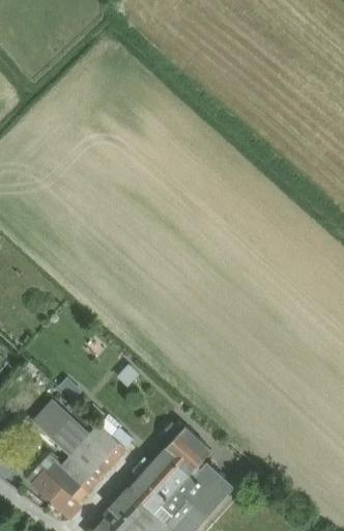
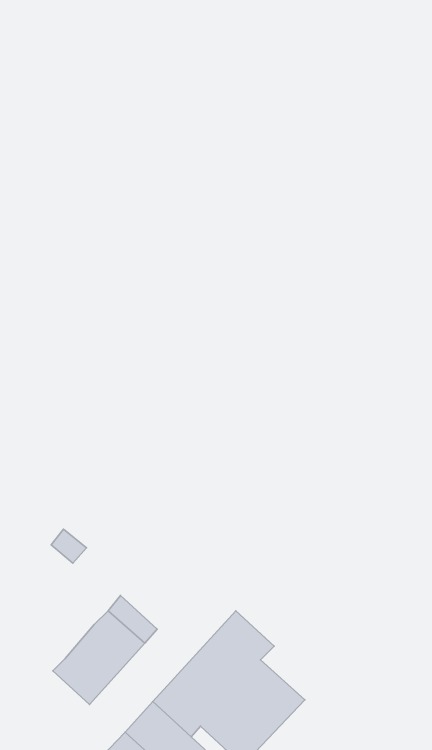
building: [31,401,90,459] -> none
building: [39,468,87,514] -> none

